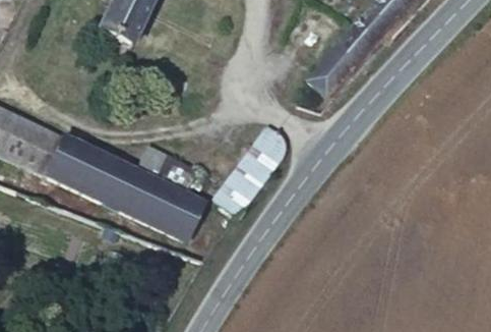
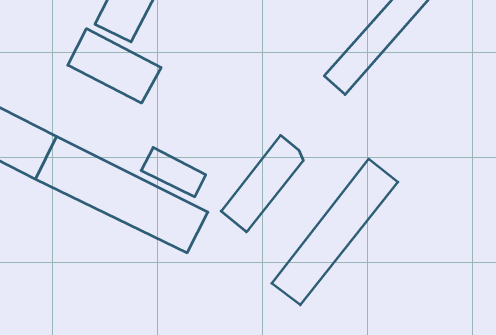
building: none -> [68,29,161,103]
building: none -> [272,159,398,305]

